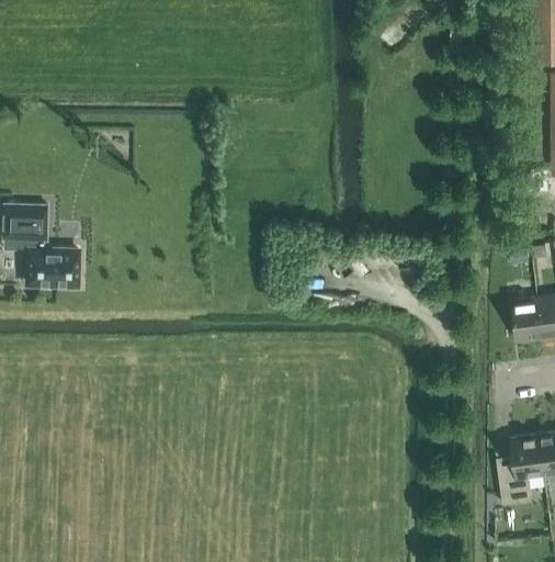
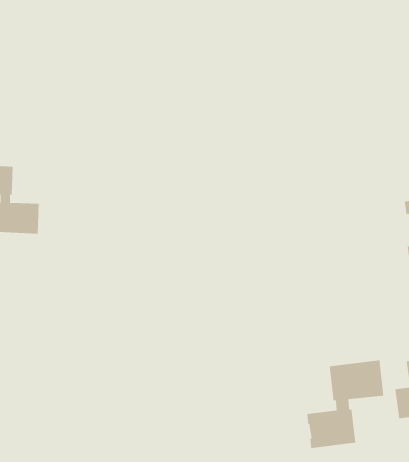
building: none -> [307,359,384,449]

